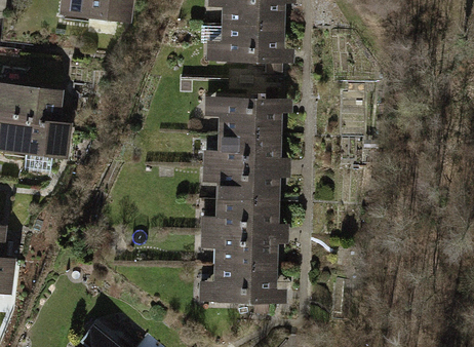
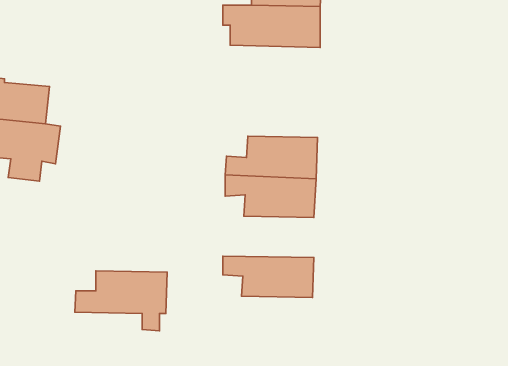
building: [205,100,280,134] -> none
building: [202,199,277,233] -> none
building: [200,265,276,314] -> [75,271,167,331]

